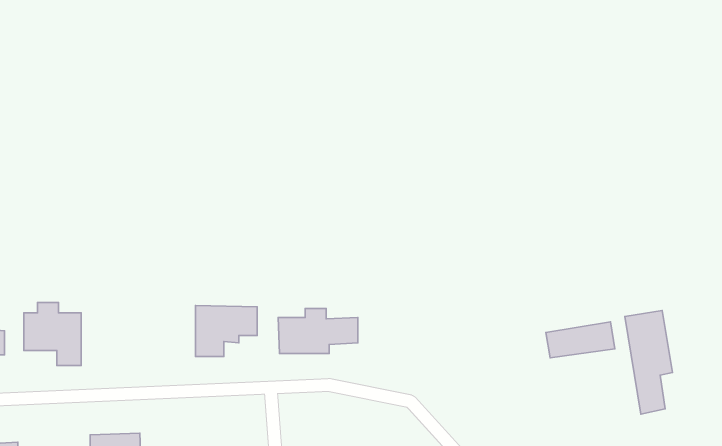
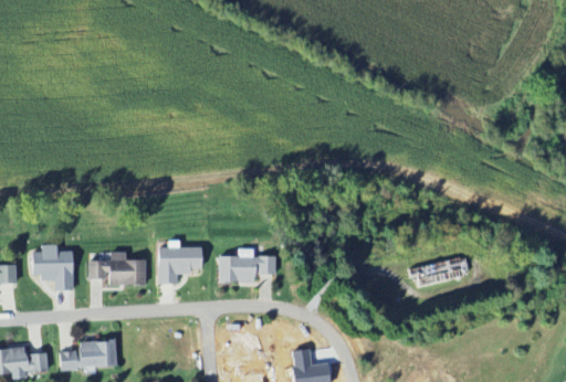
building: [625,311,673,414] -> none
building: none -> [87,252,146,285]

